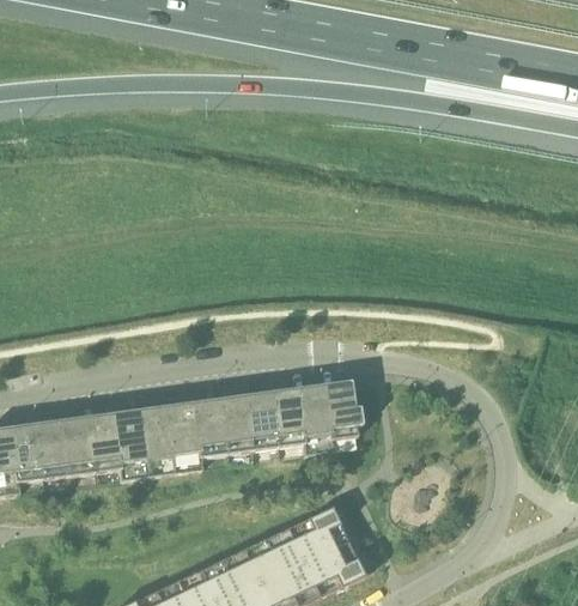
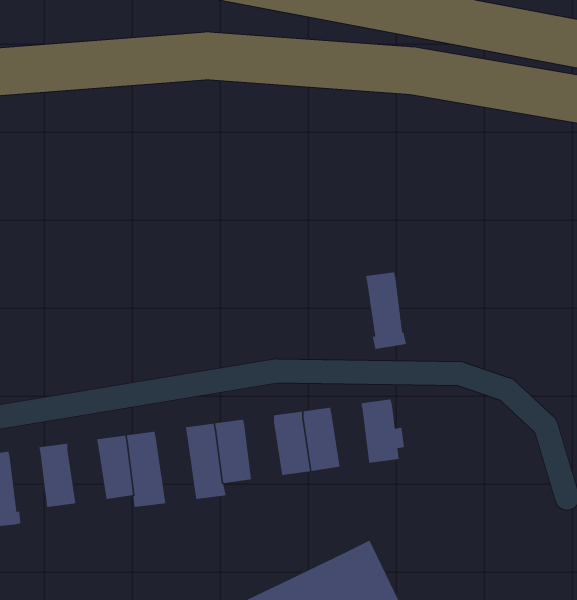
building: [299,383,336,453] -> [365,272,407,350]
building: [221,394,255,452] -> none
building: [142,405,178,473] -> none
building: [65,416,98,473] -> none
building: [12,423,45,480] -> none

